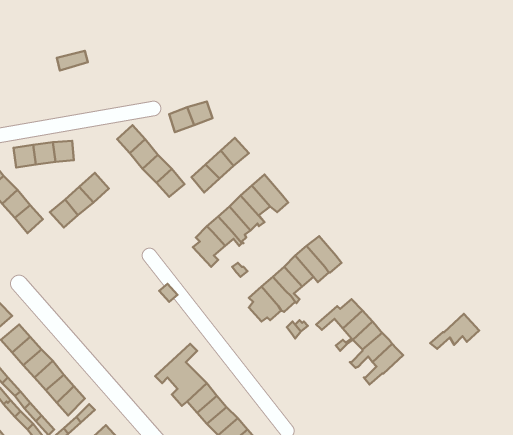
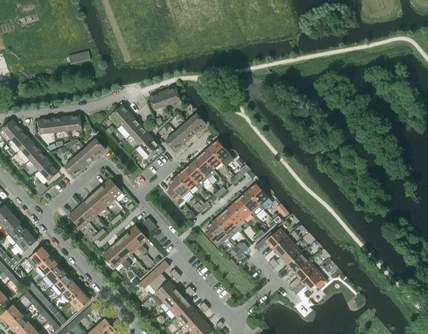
building: none -> [67,178,121,229]
building: none -> [101,224,147,269]
building: [430,314,479,349] -> [291,268,326,293]

